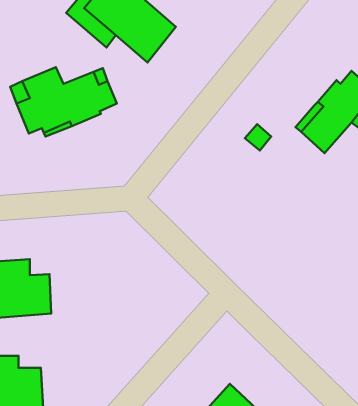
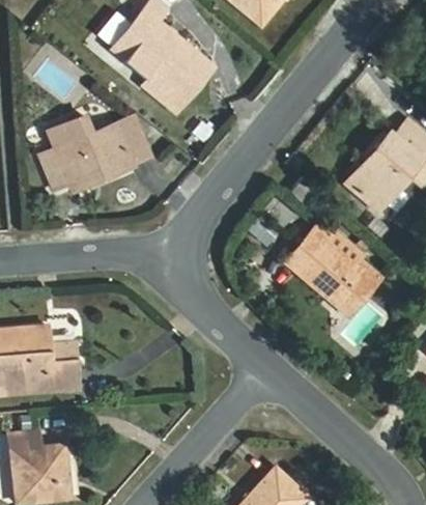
building: none -> [286,223,380,316]

